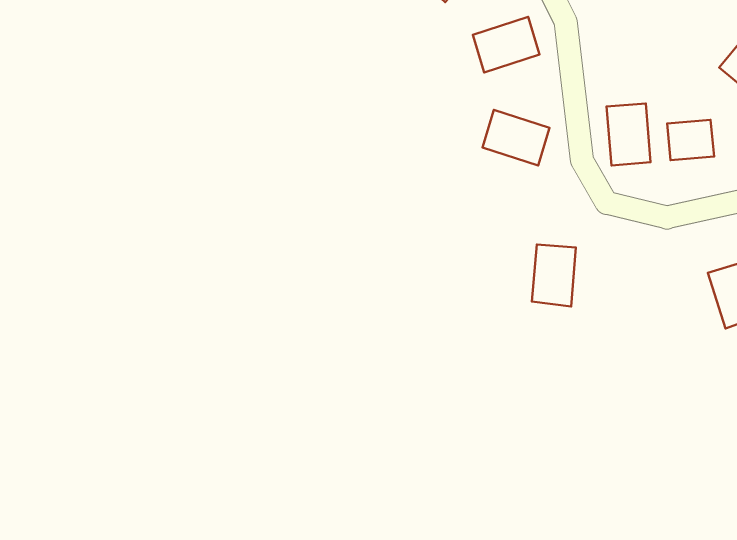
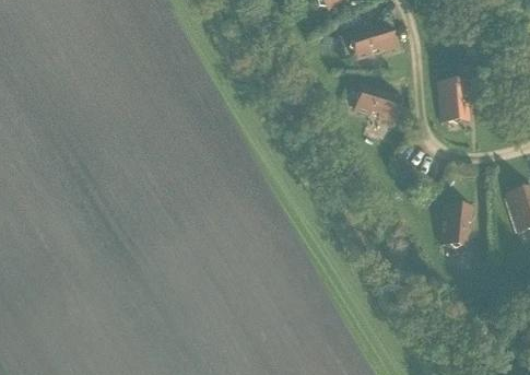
building: [667,120,714,160] -> none
building: [532,244,576,306] -> [443,203,472,245]

